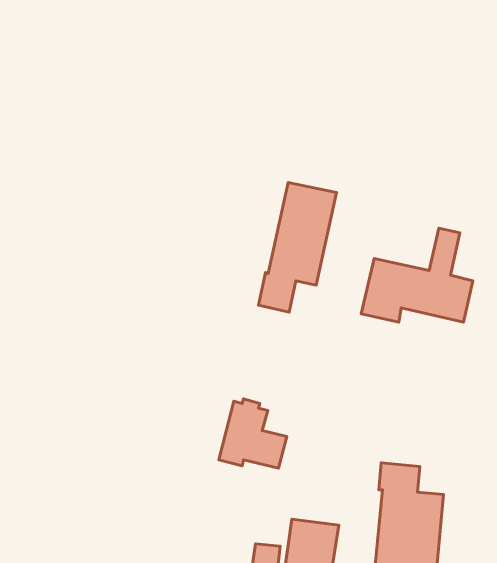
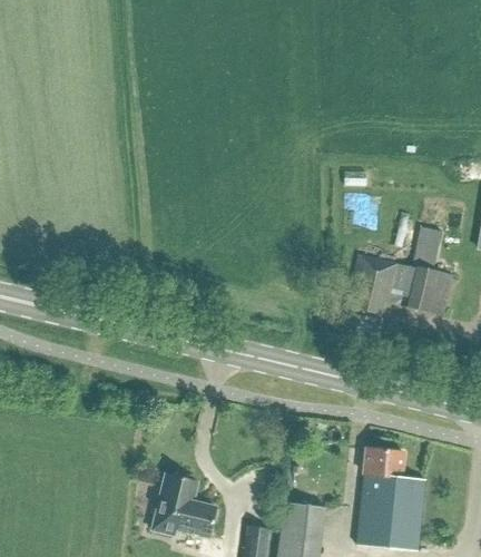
building: [258,182,336,312] -> none
building: [219,399,287,468] -> [153,470,217,536]

